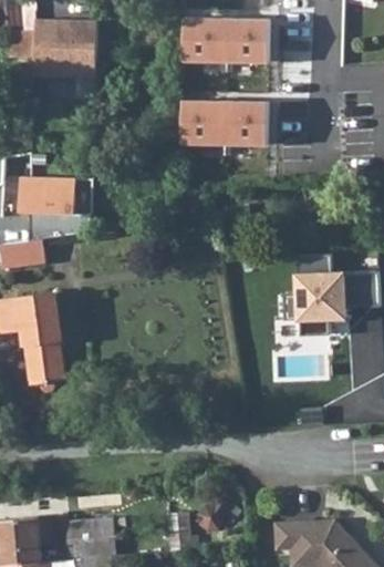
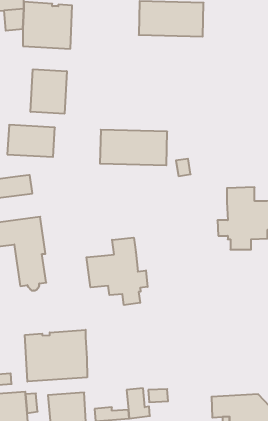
building: [179,102,266,147] -> [100,130,167,165]
building: none -> [31,69,67,114]
building: none -> [86,238,148,305]
building: none -> [25,330,87,382]

